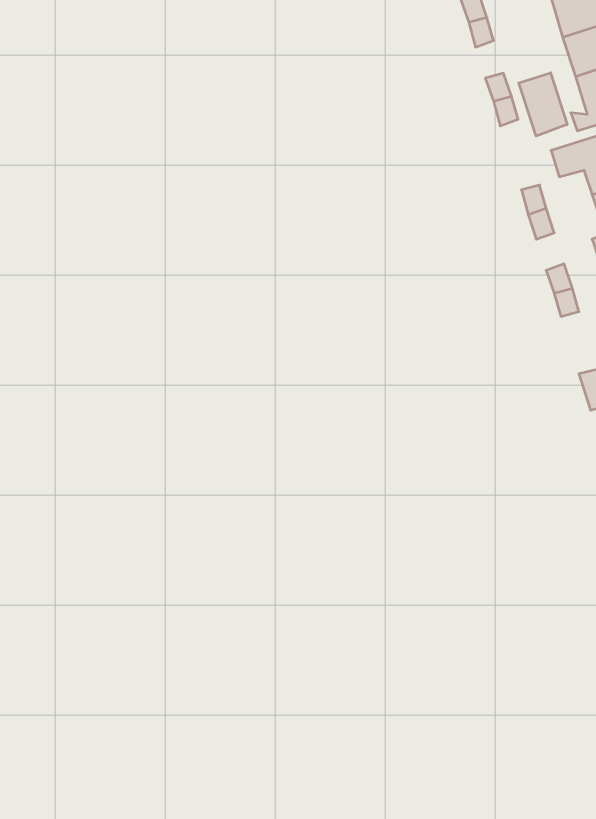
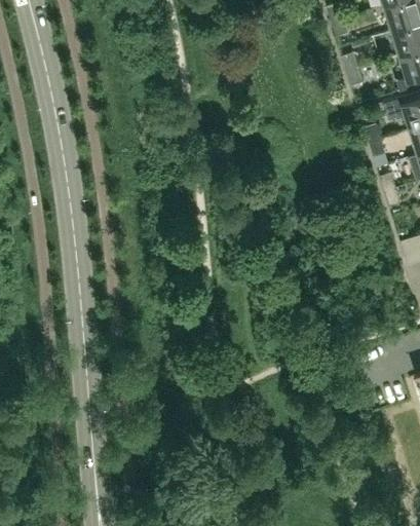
building: [519,73,567,136] -> none

